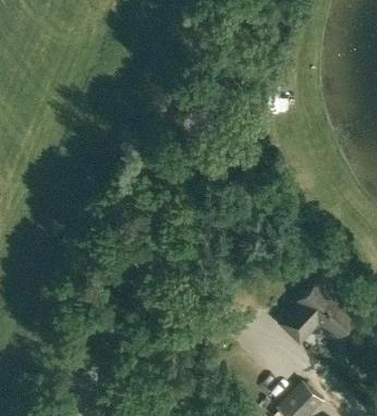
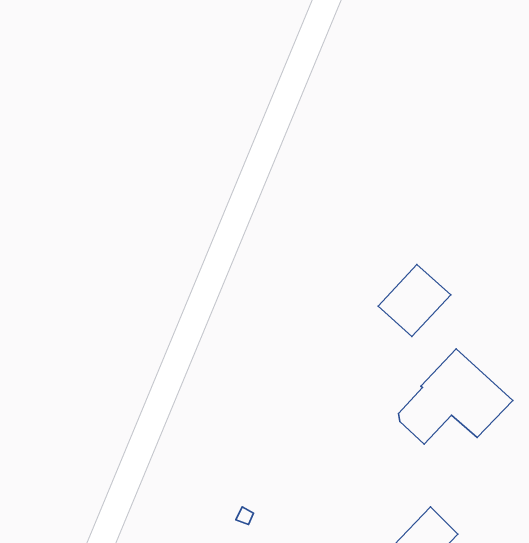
building: none -> [378,264,451,337]

